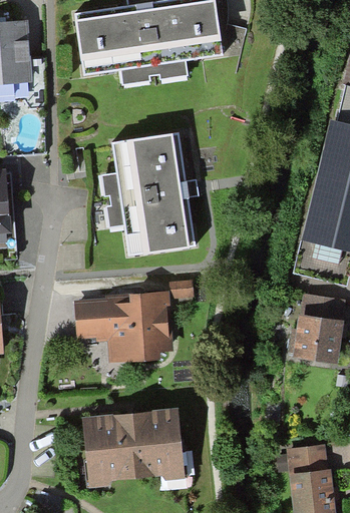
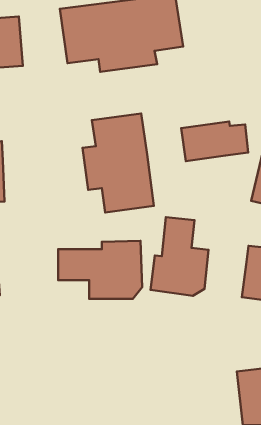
building: none -> [181,122,248,161]
building: none -> [150,217,209,296]
building: [84,407,184,483] -> none

